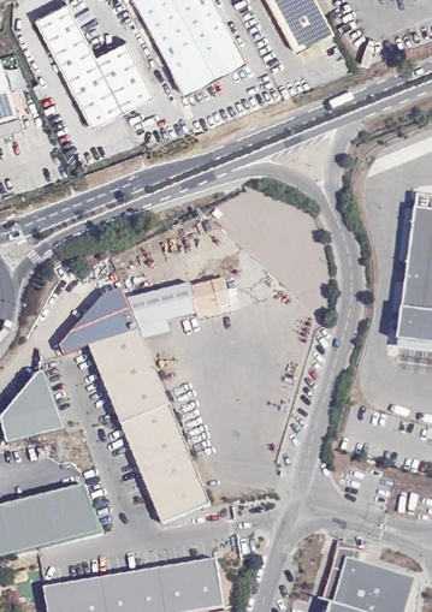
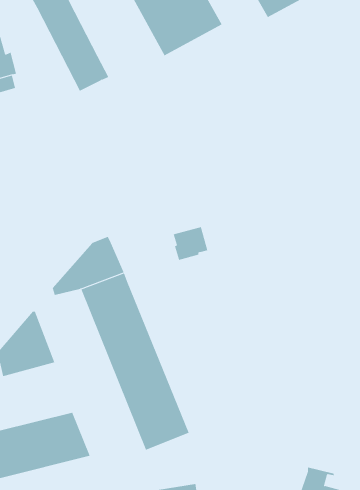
building: [91,41,153,114] -> none
building: [124,281,196,338] -> none

